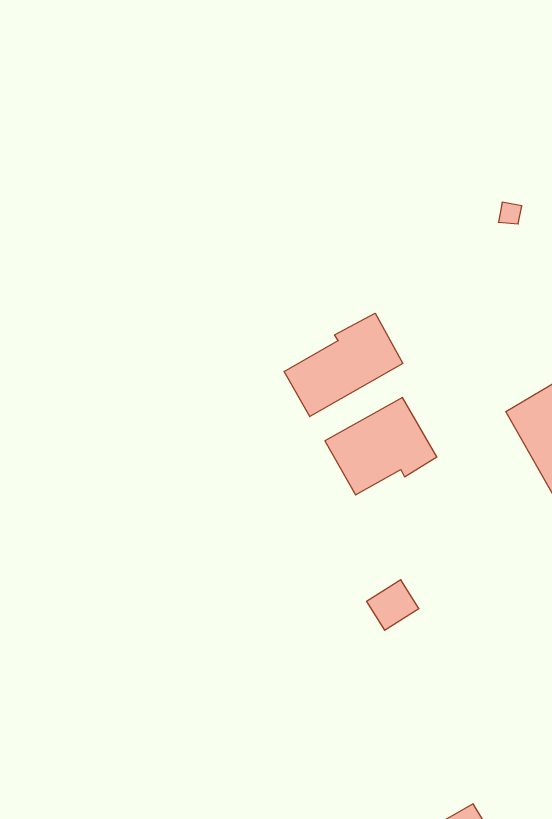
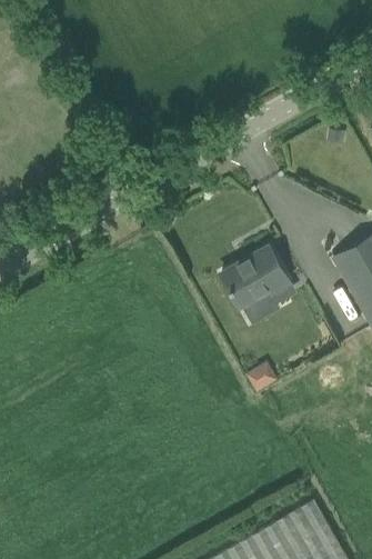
building: [284,313,403,417] -> none

